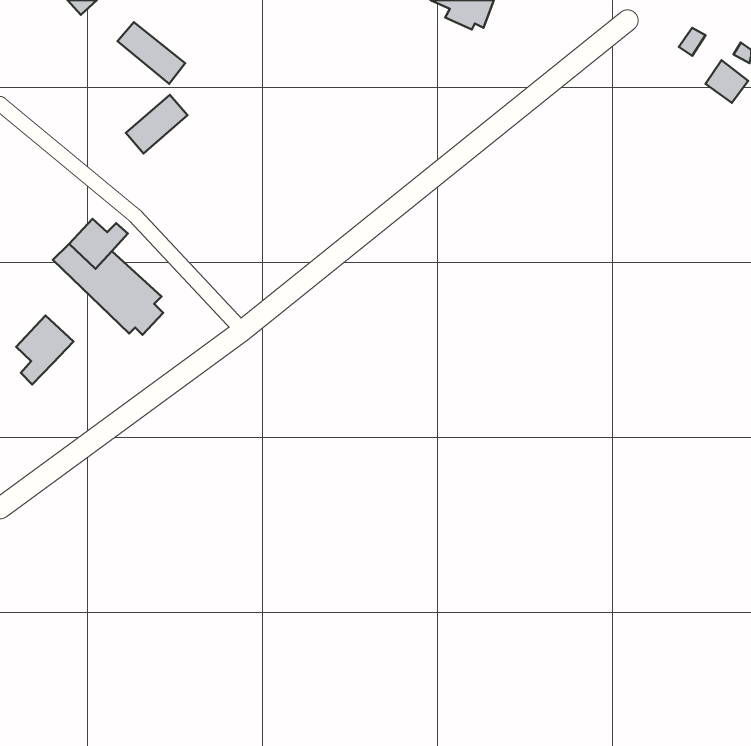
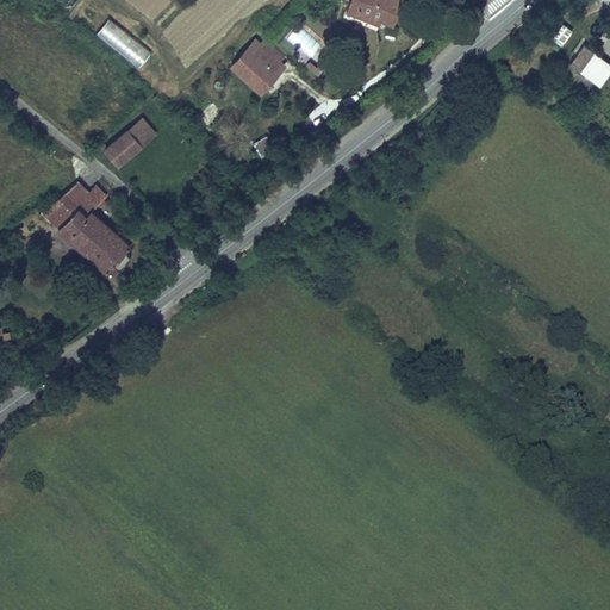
building: none -> [228,38,290,99]
building: [126,95,188,153] -> [105,118,155,166]
building: [16,316,74,385] -> none

